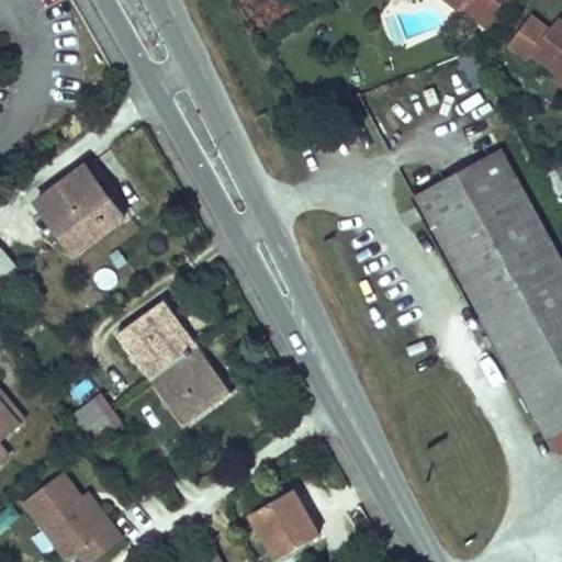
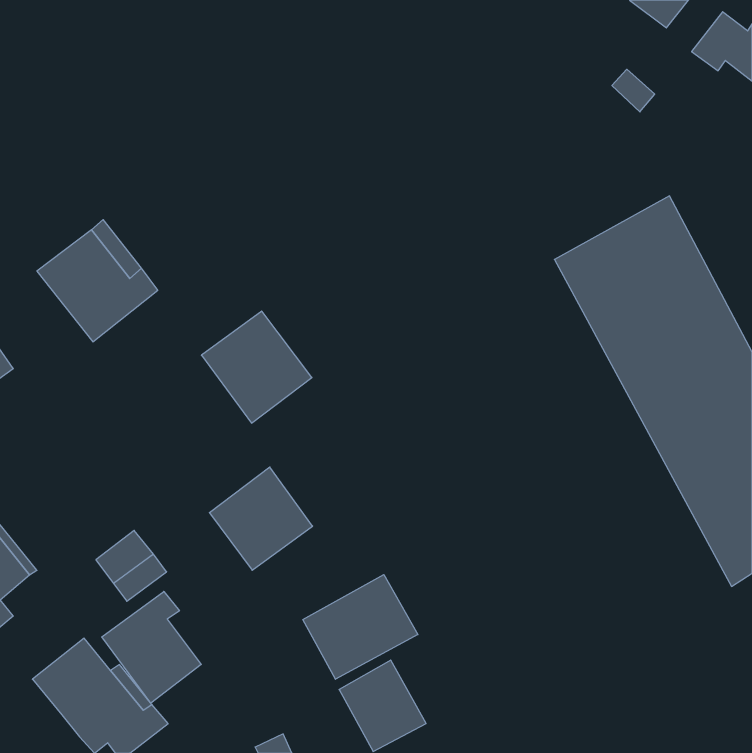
building: [119,299,201,382] -> [201,311,312,423]
building: none -> [303,575,418,679]
building: none -> [102,591,201,703]

